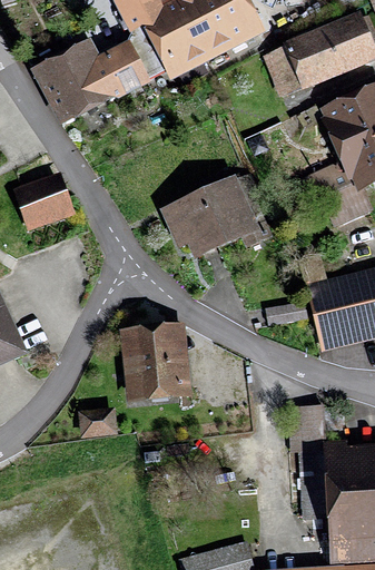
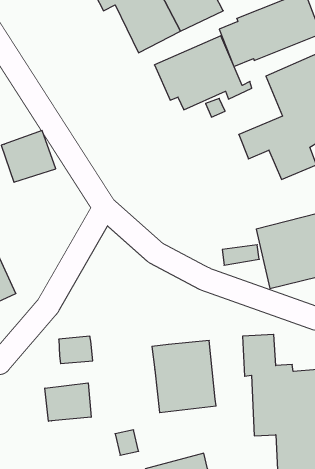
building: [30,37,151,125] -> none
building: [160,174,272,258] -> [154,36,252,110]
building: [118,321,191,403] -> [152,341,216,413]
building: none -> [45,383,91,421]

